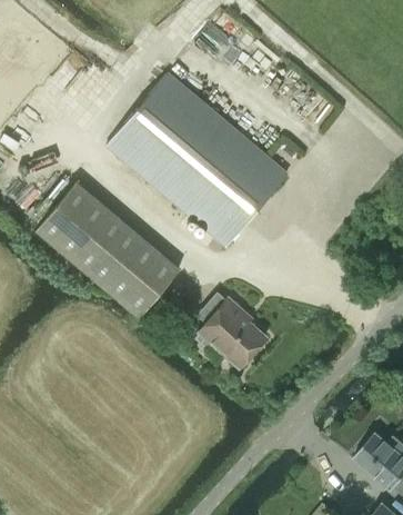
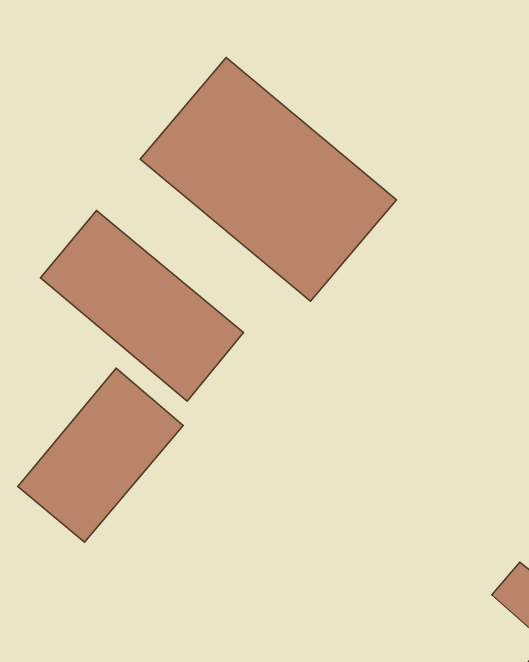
building: [197,291,266,368] -> none
building: none -> [18,368,183,542]

